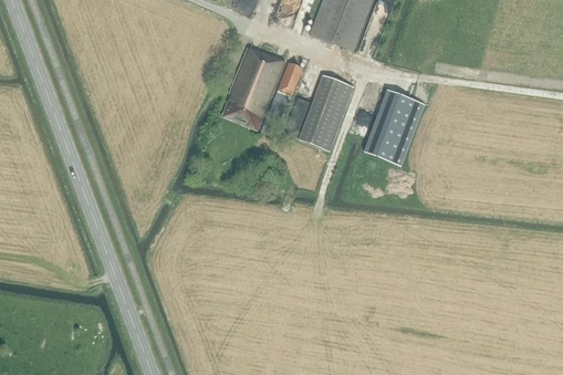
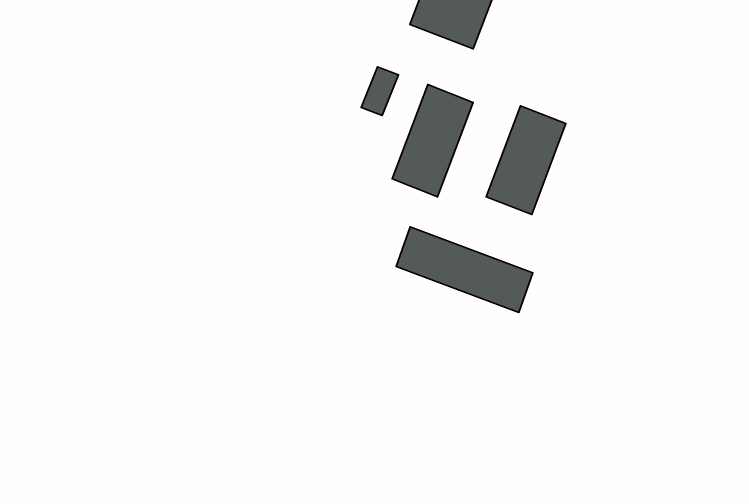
building: [222,46,286,129] -> none
building: none -> [396,227,533,312]

